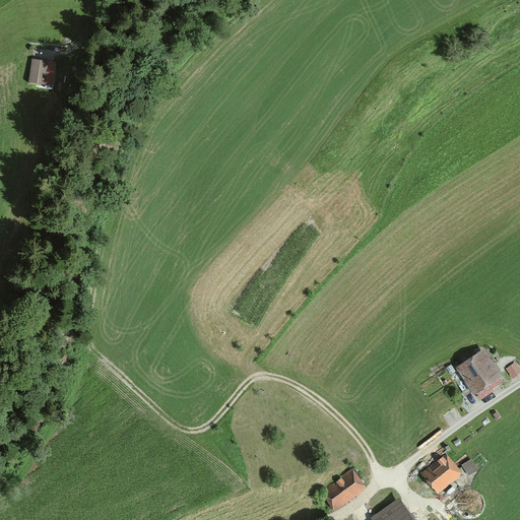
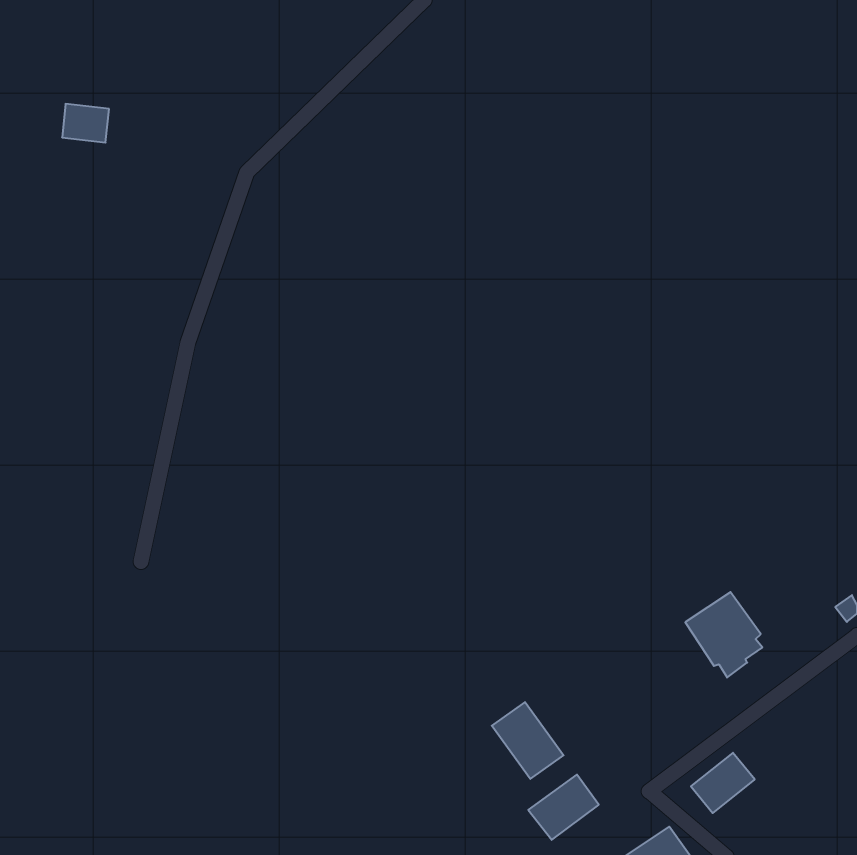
building: [456,347,503,399] -> [685,592,762,678]
building: none -> [492,702,564,779]

